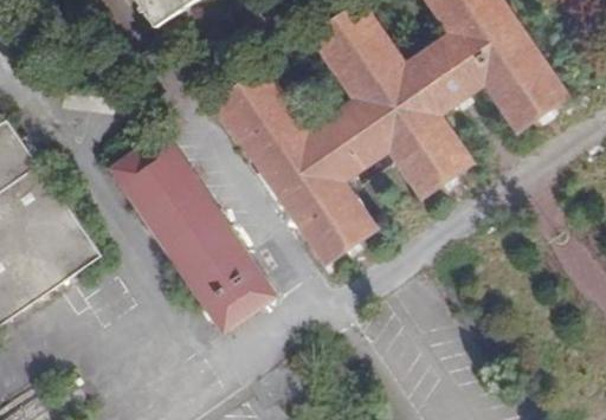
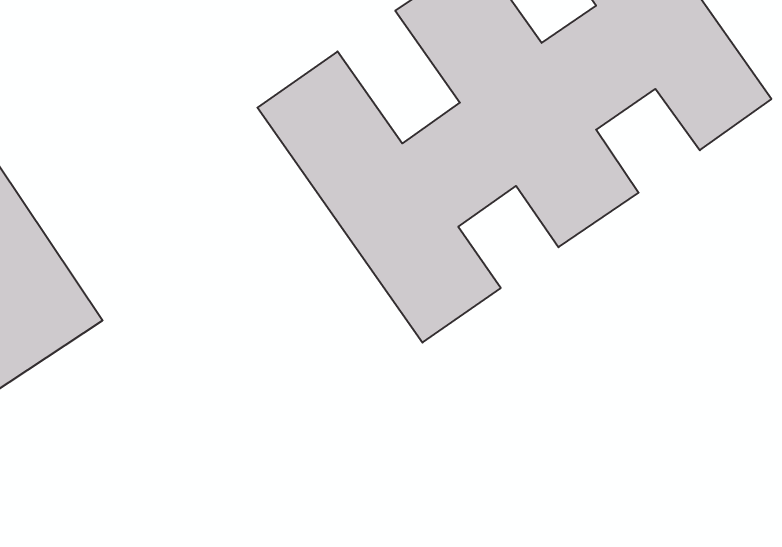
building: [115,142,276,337] -> none

